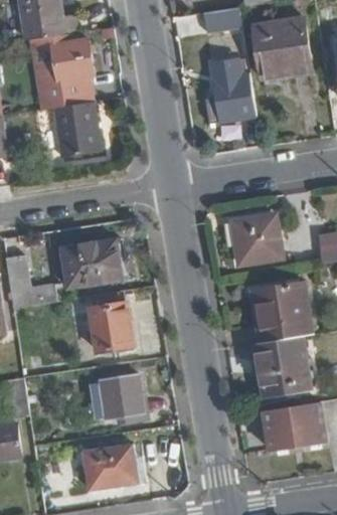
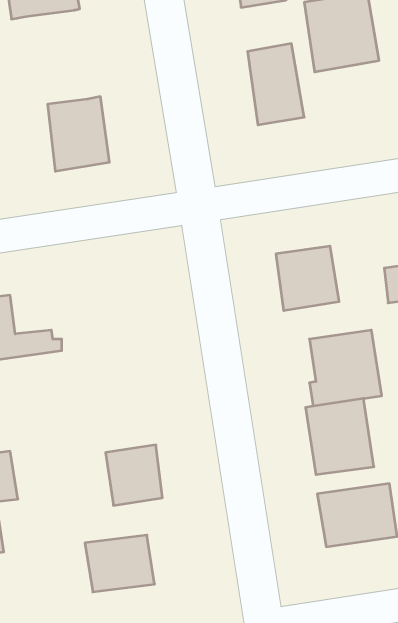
building: [36,32,93,107] -> none
building: [58,235,119,283] -> none
building: [89,302,131,350] -> none

